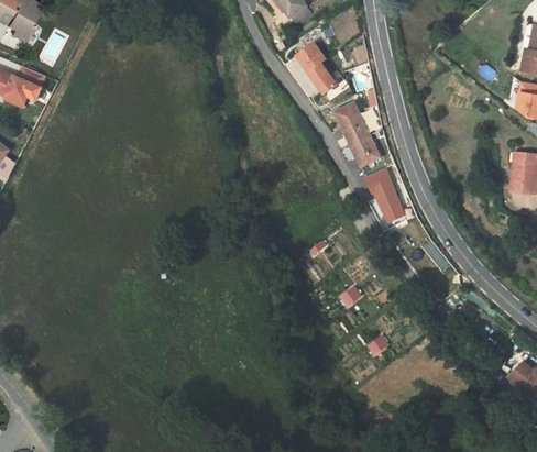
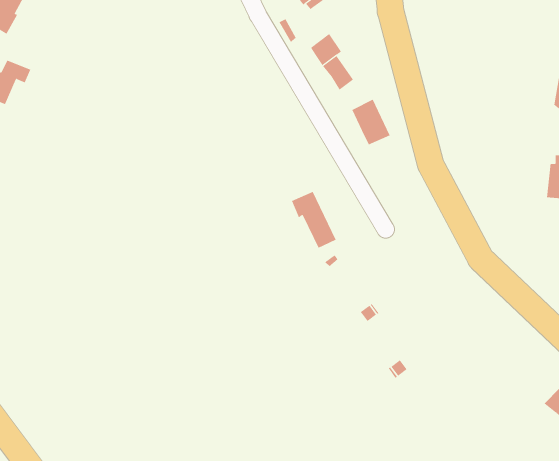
building: [350,135,380,167] -> none
building: [365,168,406,220] -> [291,191,336,248]

